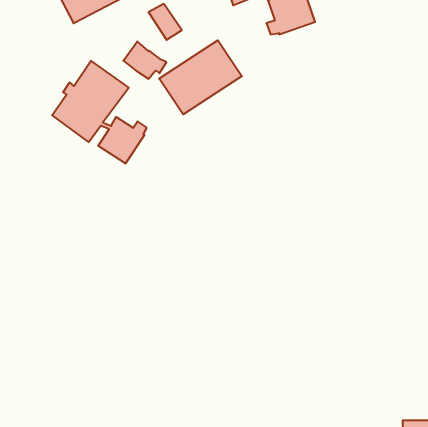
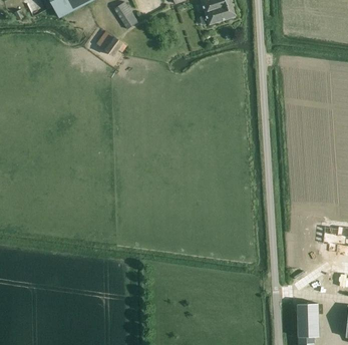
building: [159,40,242,114] -> none
building: [52,61,146,164] -> none

